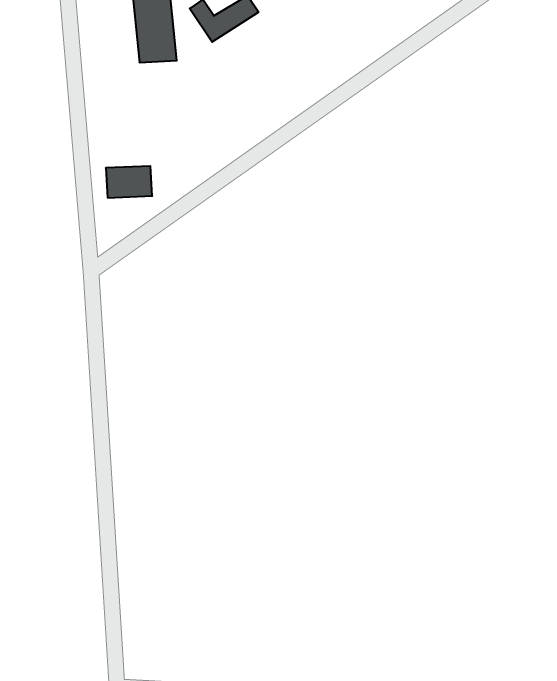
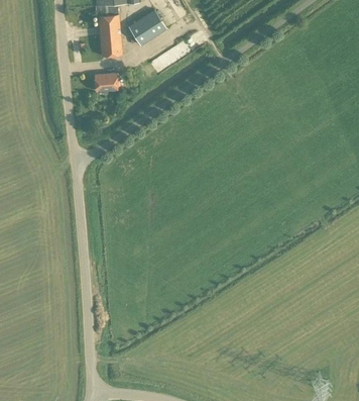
building: [106,166,152,198] -> [96,73,121,90]

